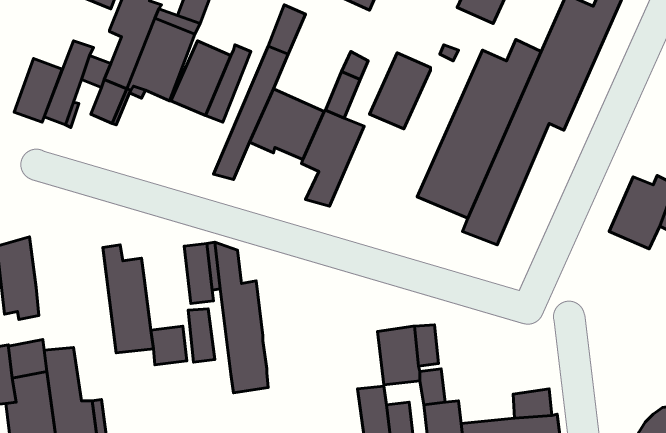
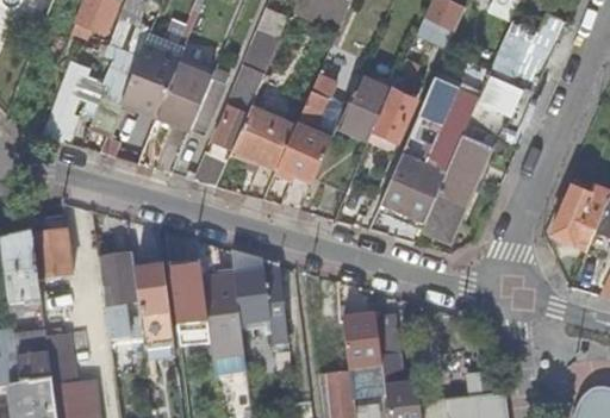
building: [14,58,62,122] -> none
building: none -> [365,87,419,157]
building: none -> [32,231,74,281]
building: none -> [231,251,288,349]
building: none -> [135,269,169,319]

